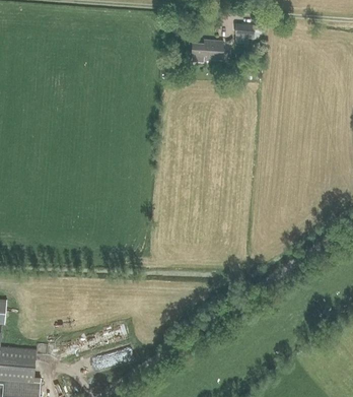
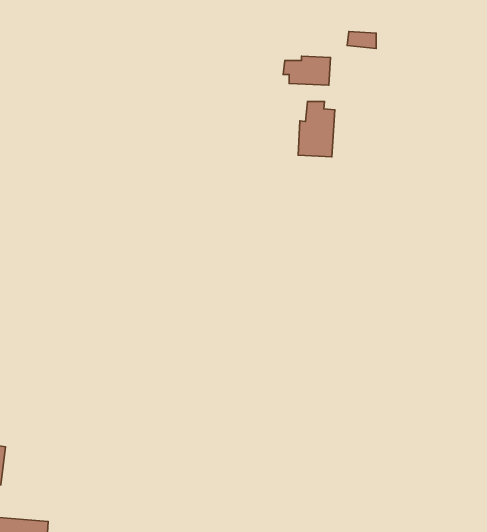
building: none -> [298,102,335,157]

